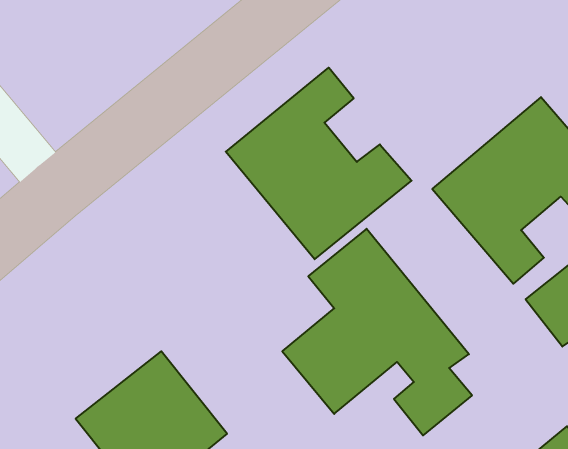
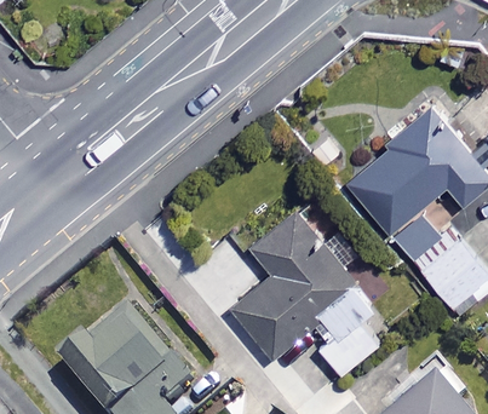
building: [226,68,412,259] -> none

